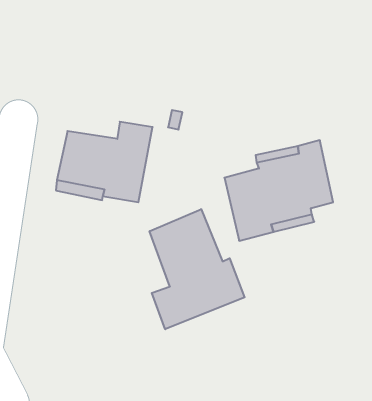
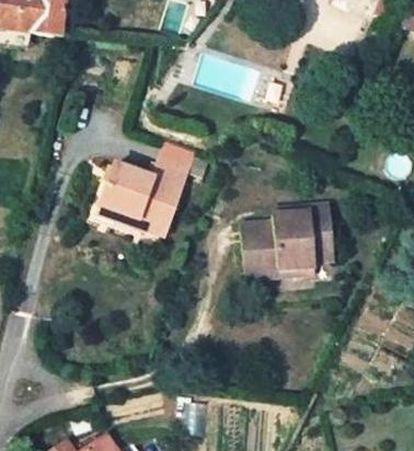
building: [150,209,245,329] -> none

